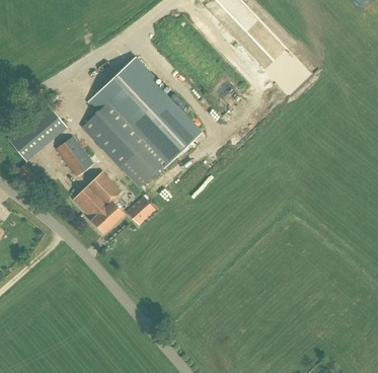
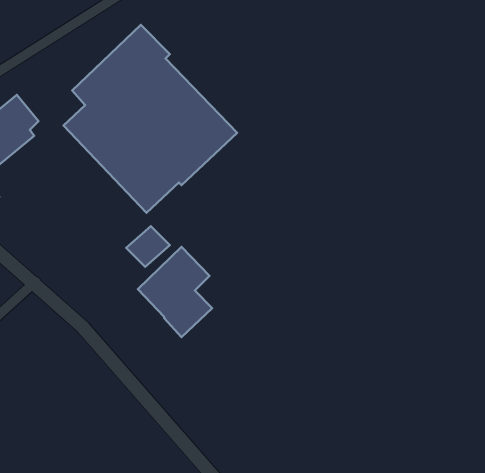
building: [56,135,94,176] -> none
building: [73,170,125,233] -> [138,247,212,337]

